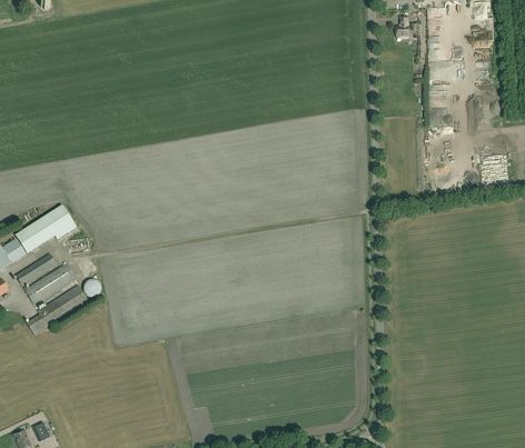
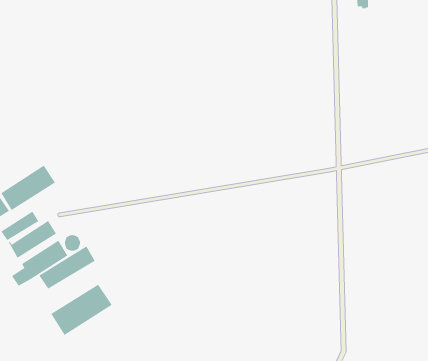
building: none -> [38,246,96,290]
building: none -> [51,284,113,336]

